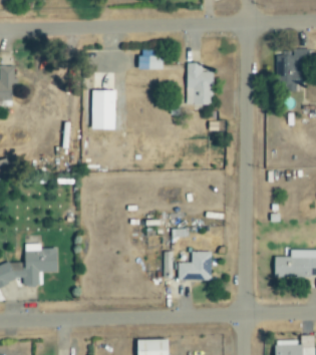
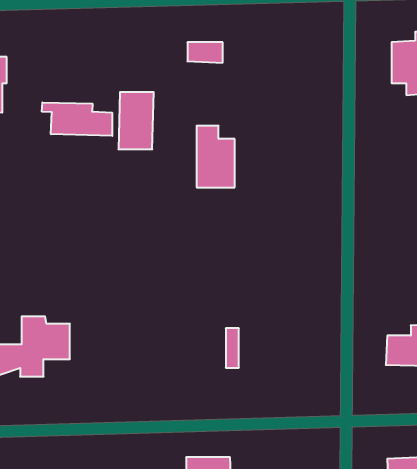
building: [188,62,214,104] -> [197,126,235,187]
building: none -> [42,102,112,136]
building: [179,251,213,279] -> none

